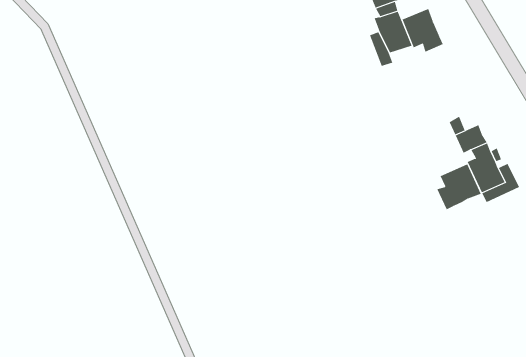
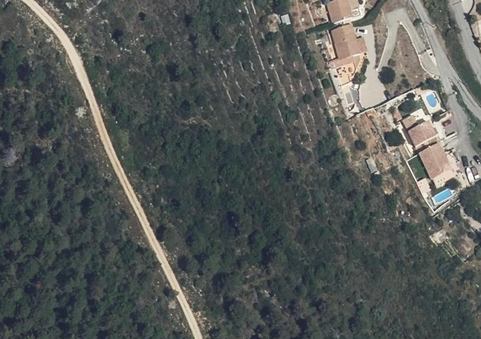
building: [402,8,443,53] -> none
building: [437,164,482,210] -> none

